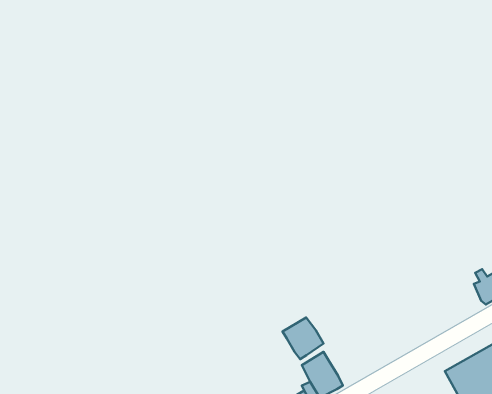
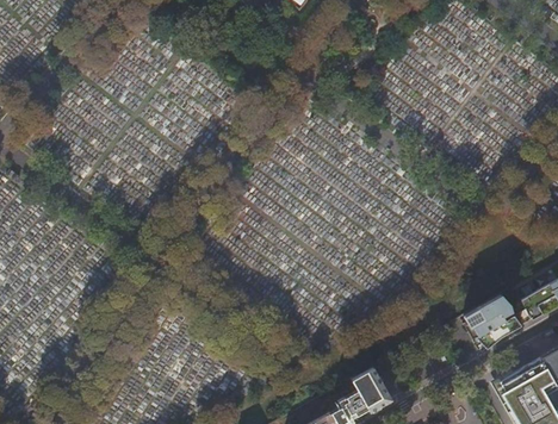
building: none -> [473,297,516,337]
building: [282,318,324,359] -> none

